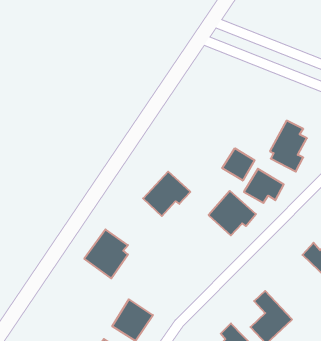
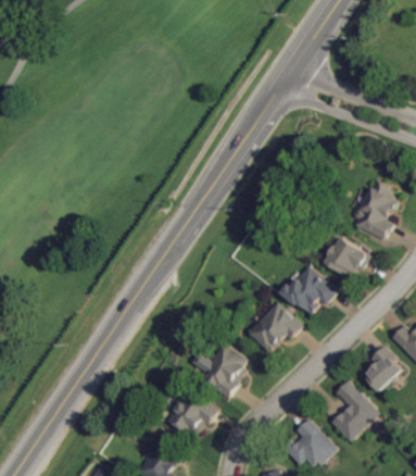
building: [222,148,255,181] -> none
building: [143,172,190,216] -> [247,301,302,353]
building: [84,229,128,278] -> [196,341,247,399]
building: none -> [357,348,403,392]

